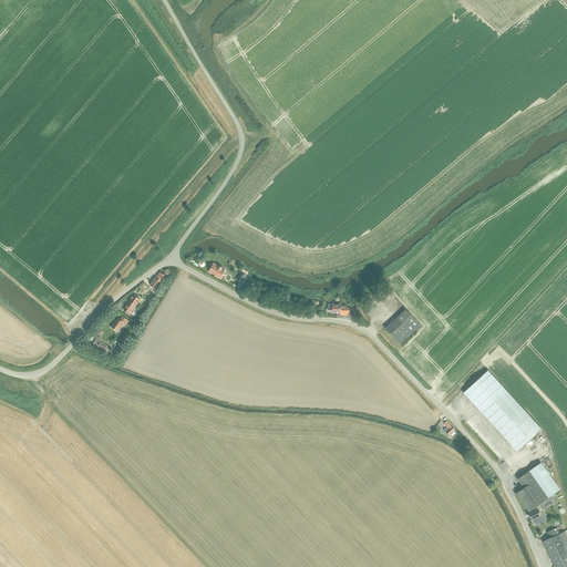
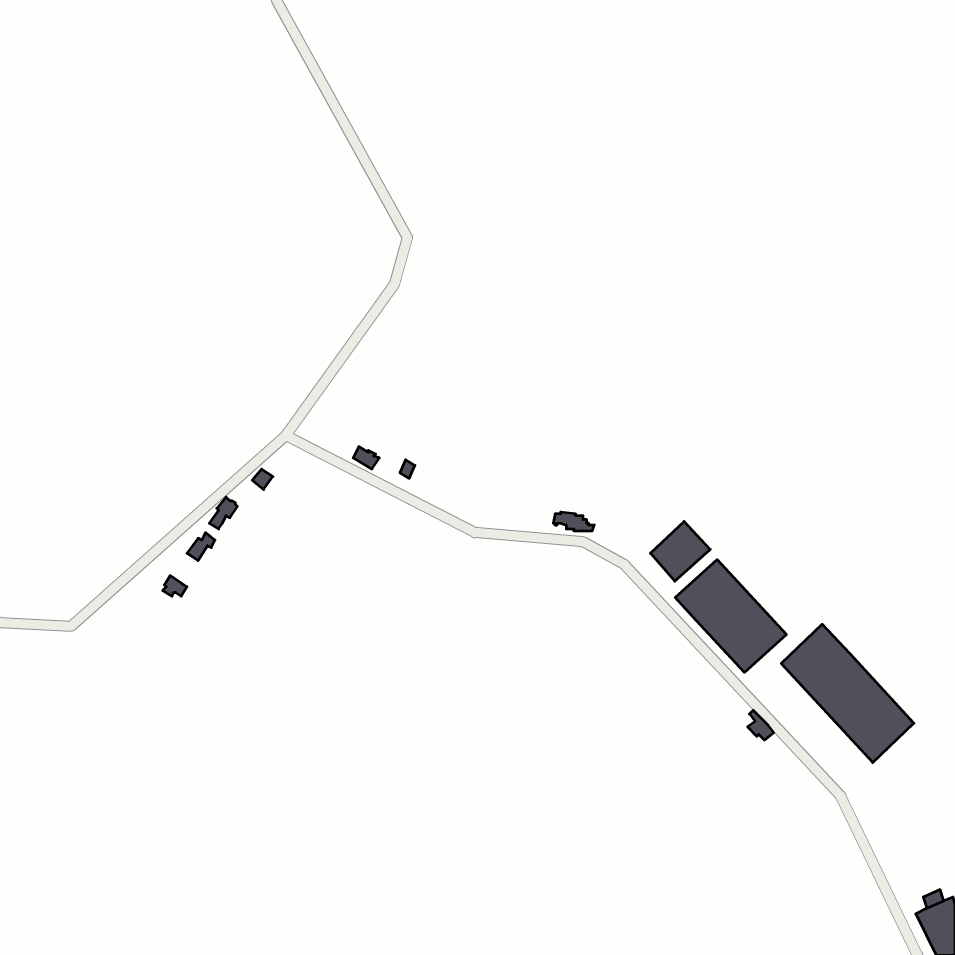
building: none -> [675,560,786,672]
building: [516,463,559,525] -> none

